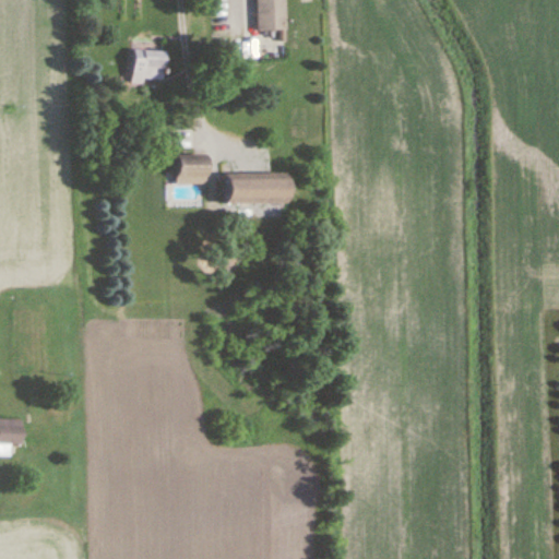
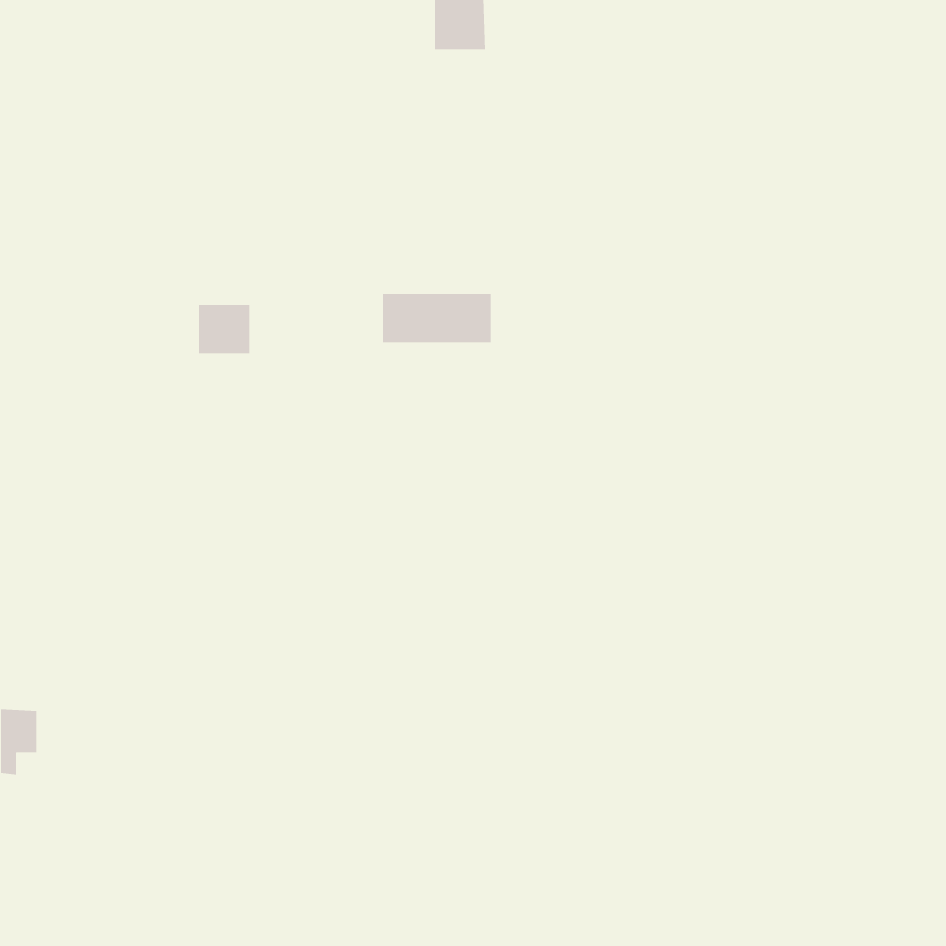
building: [134,49,165,78] -> none
building: [177,154,207,183] -> [198,304,250,354]

